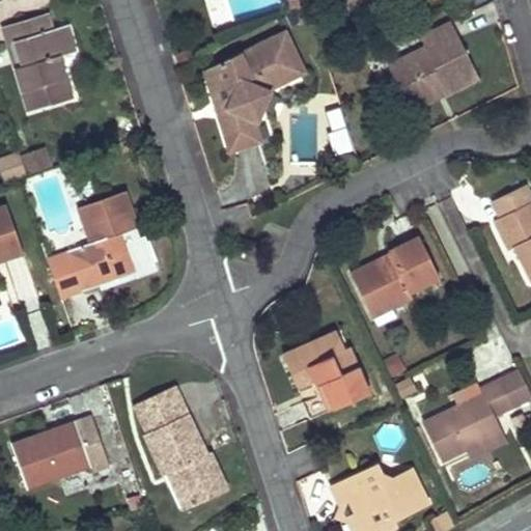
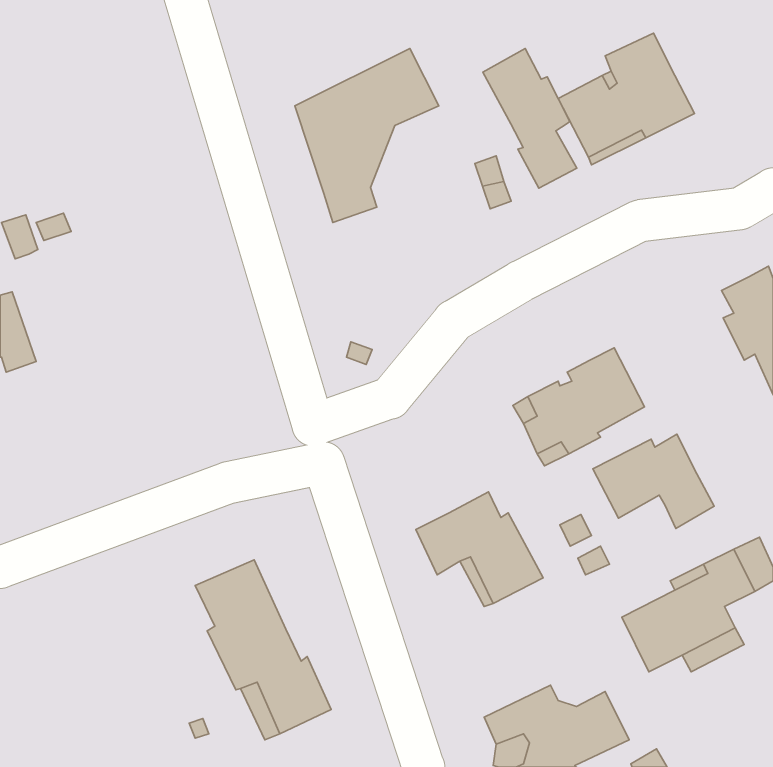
building: [4,10,73,108] -> none
building: none -> [483,48,577,188]
building: [48,189,158,292] -> none
building: none -> [593,434,714,529]
building: [12,414,110,485] -> none

